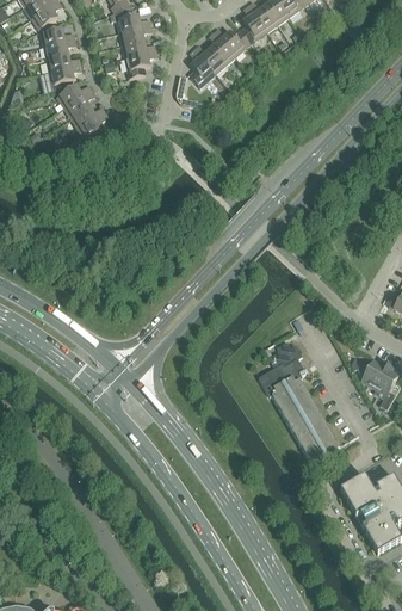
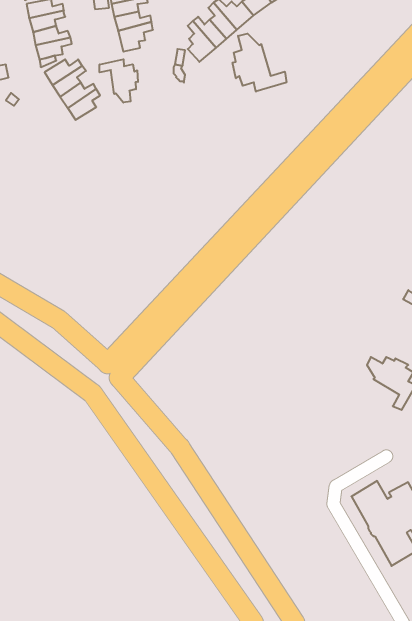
building: none -> [233,34,286,92]
building: none -> [100,59,138,103]
building: [259,341,340,465] -> none

